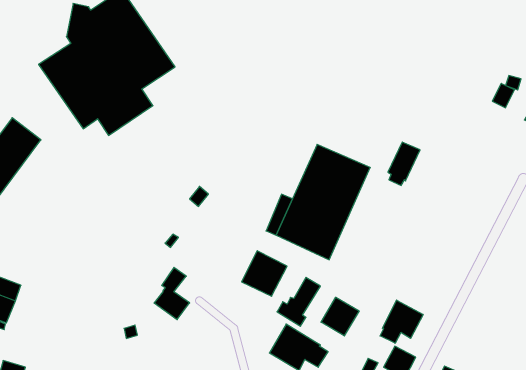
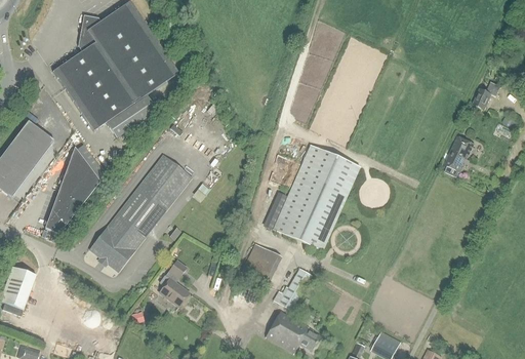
building: [388,142,420,185] -> [444,135,474,175]
building: none -> [45,146,100,233]
building: none -> [90,155,190,269]
building: [321,297,359,336] -> none
building: [380,300,423,343] -> none

